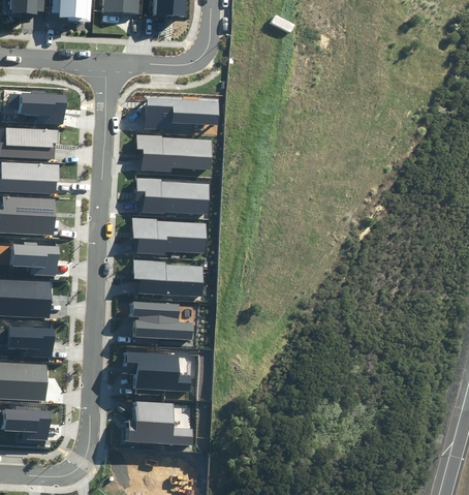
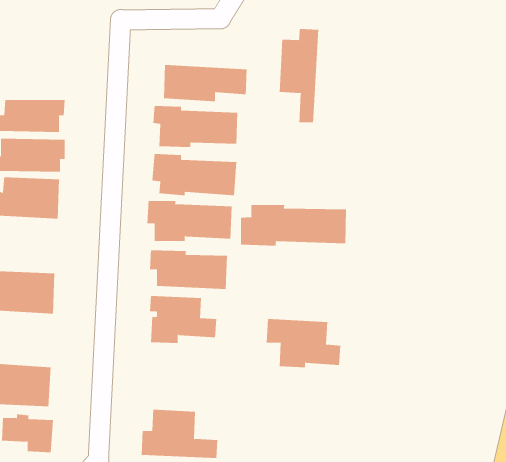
building: none -> [279,28,319,123]
building: [20,90,65,124] -> none
building: none -> [241,204,346,247]
building: [11,243,58,276] -> none
building: [7,323,53,357] -> none
building: [124,351,190,395] -> [266,318,341,368]

